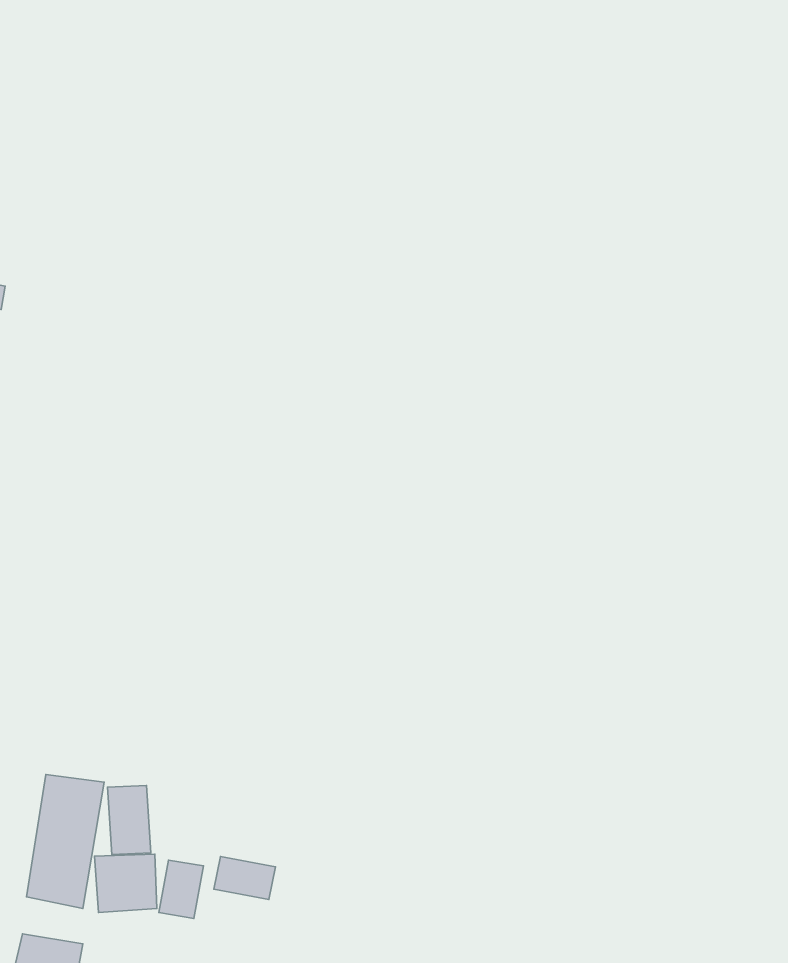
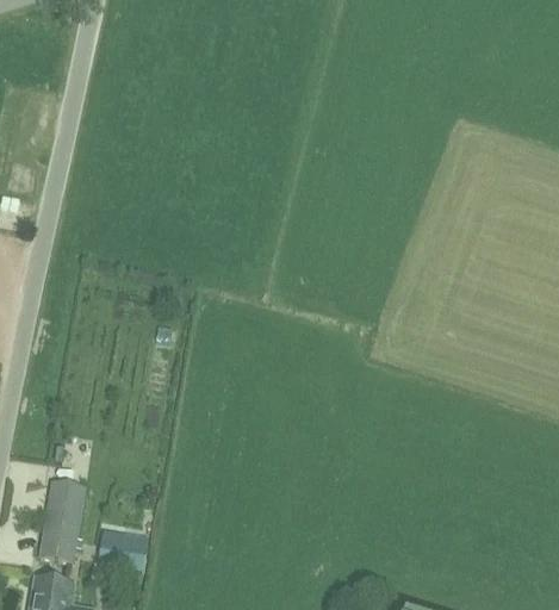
building: [107,785,151,855] -> none
building: [214,857,276,899] -> none

